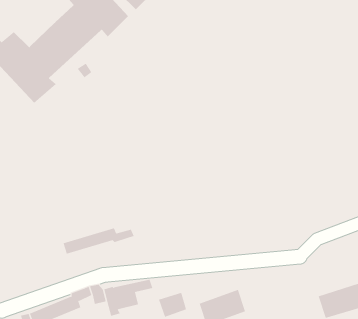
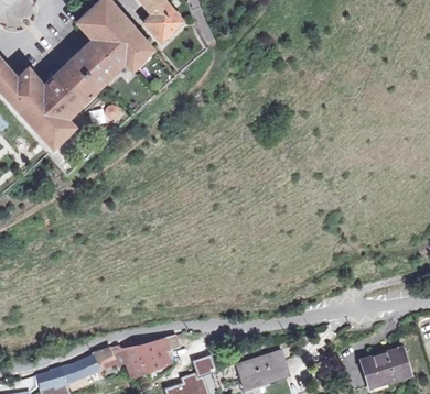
building: [63,228,134,255] -> none

